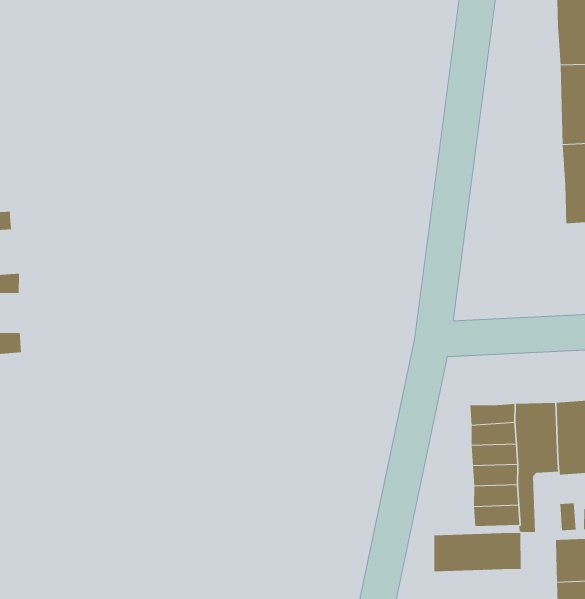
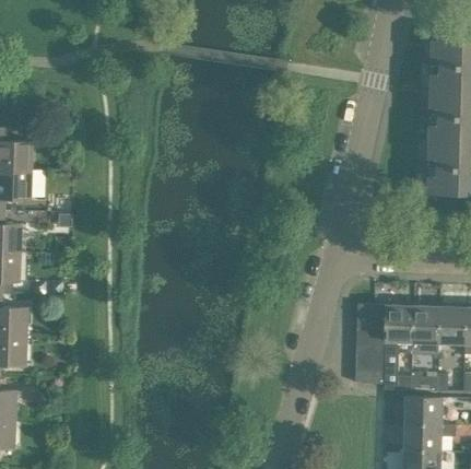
building: [434,532,521,572] -> none

